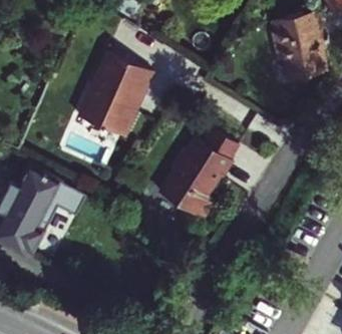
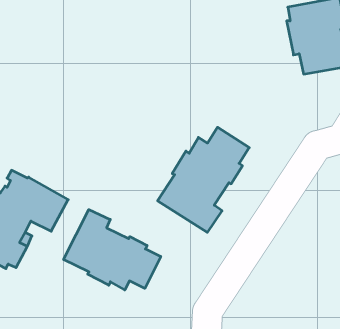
building: [75,51,156,140] -> none
building: none -> [64,210,161,290]

